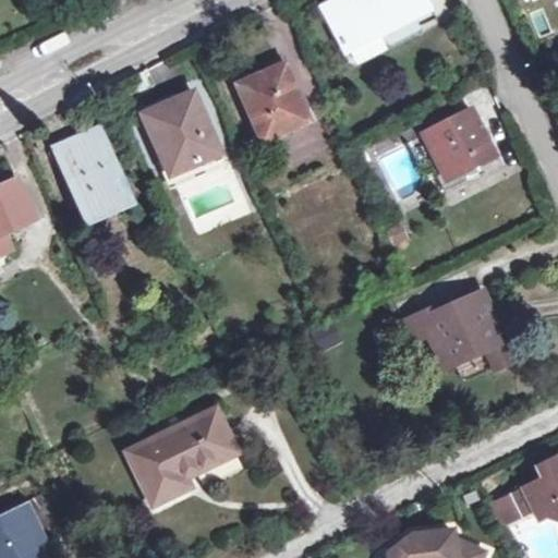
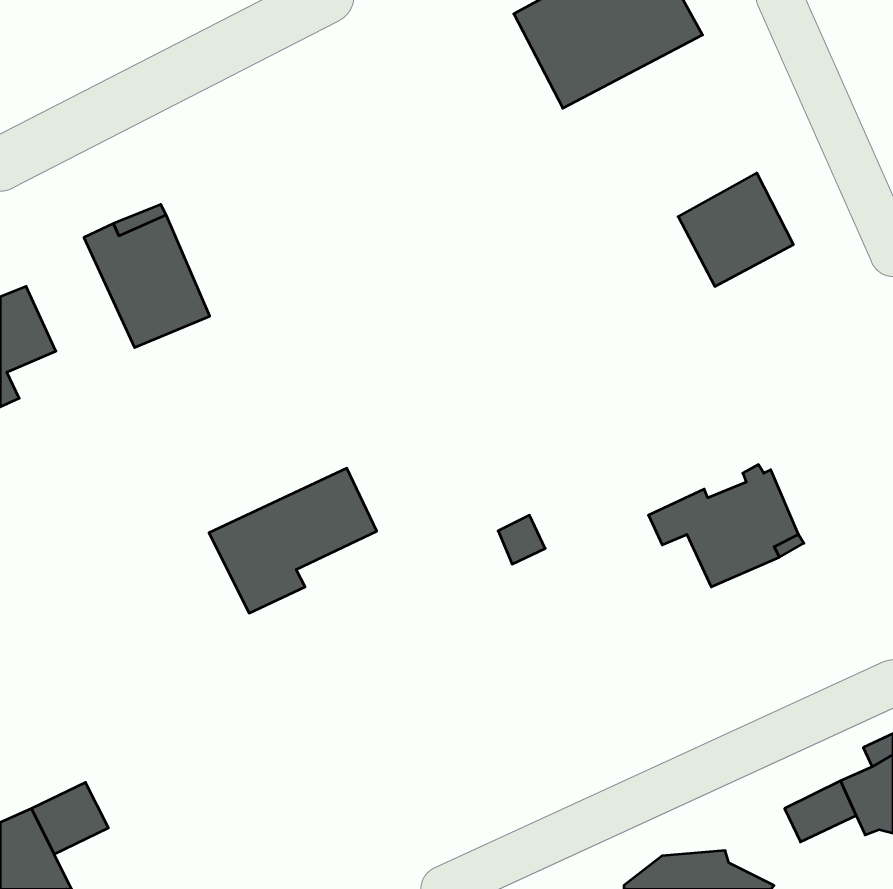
building: [236,64,308,141] -> none
building: [142,90,221,174] -> none
building: [130,412,234,502] -> [209,468,377,613]

